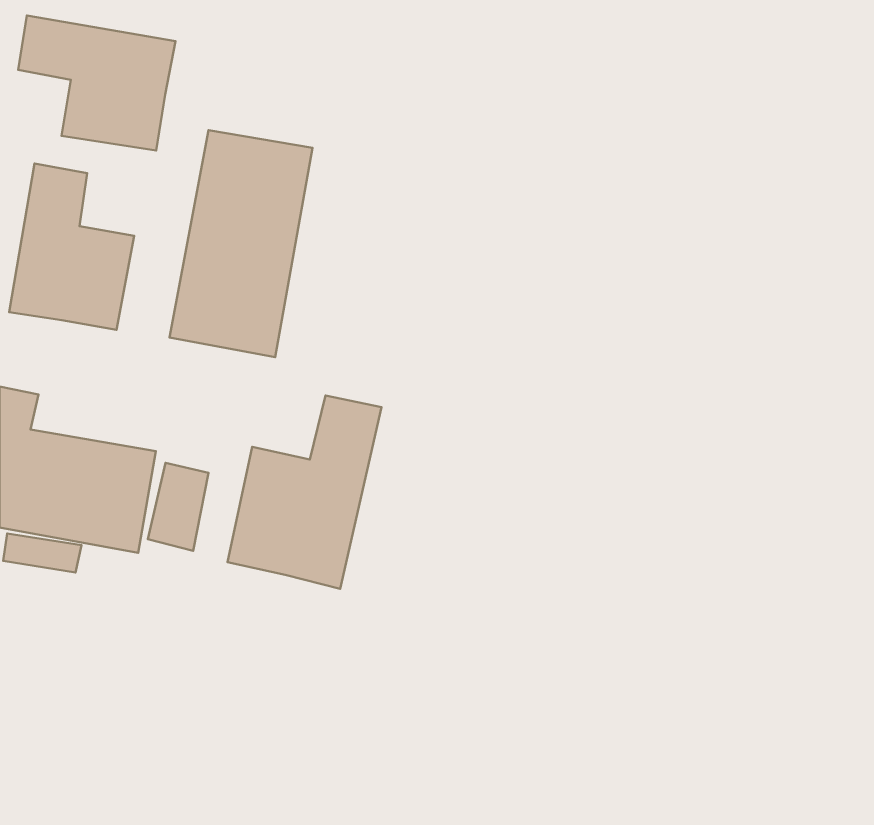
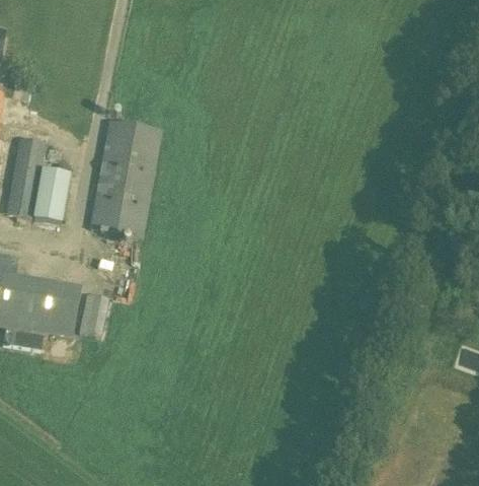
building: [18,16,176,150] -> none
building: [228,396,381,589] -> none

